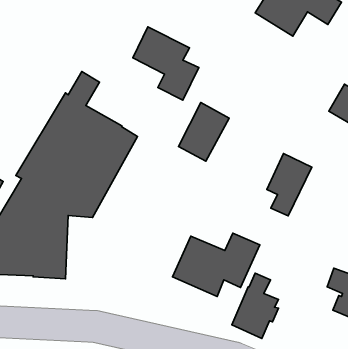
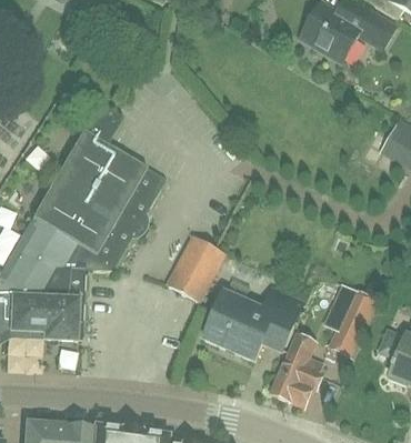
building: [133,27,199,100] -> none
building: [179,103,229,161] -> [168,234,225,301]
building: [267,154,312,216] -> [327,283,378,354]

